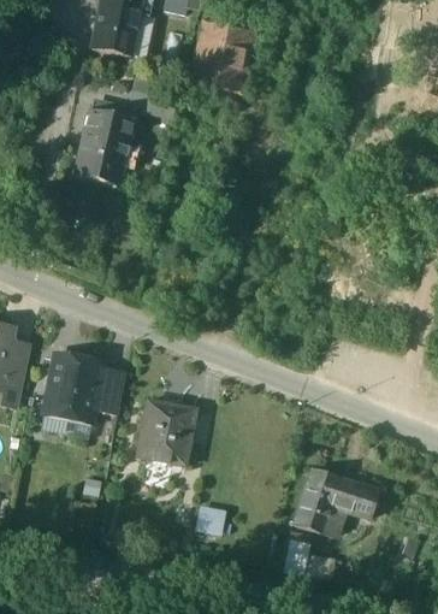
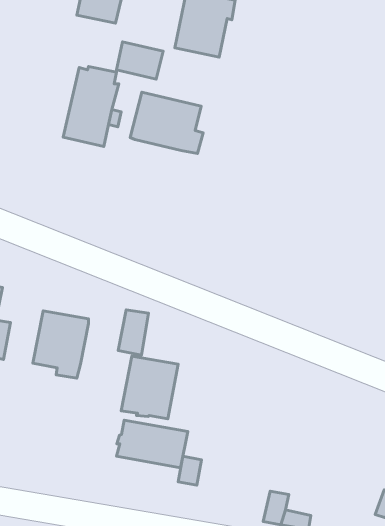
building: none -> [130,92,203,153]
building: [94,366,125,413] -> [118,310,148,355]
building: none -> [117,420,188,468]
building: [292,468,378,536] -> none

